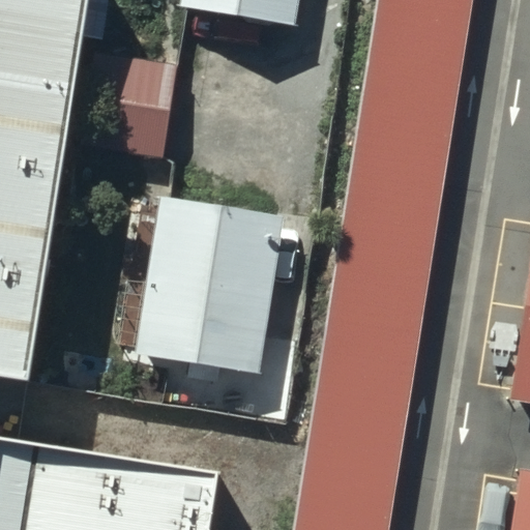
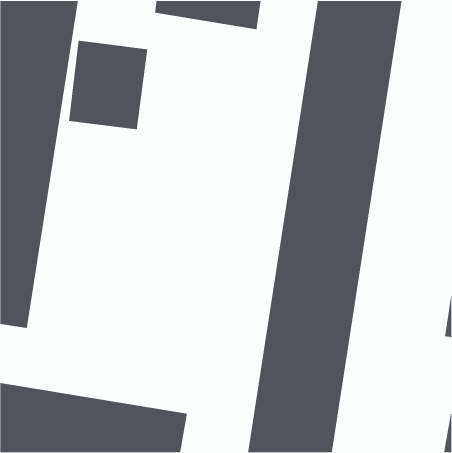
building: [143,201,301,373] -> none

